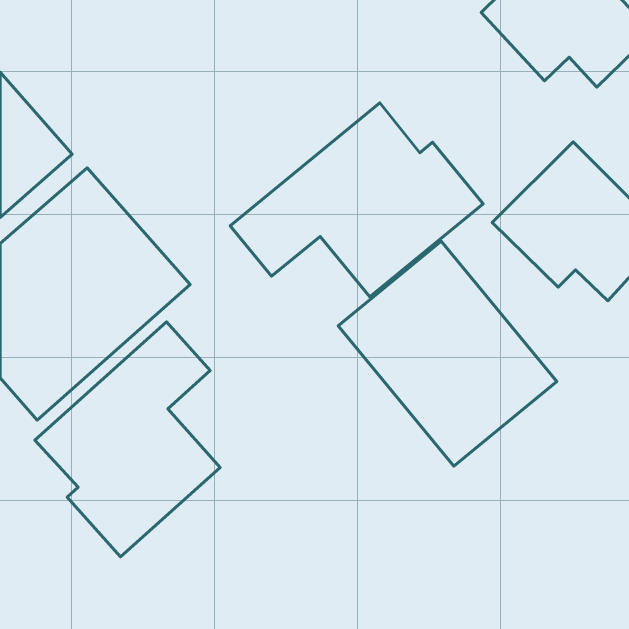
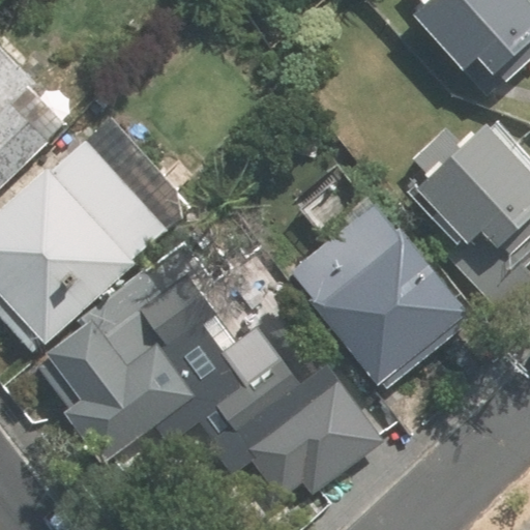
building: [230,103,483,297] -> none
building: none -> [187,322,306,443]
building: none -> [253,383,388,518]

